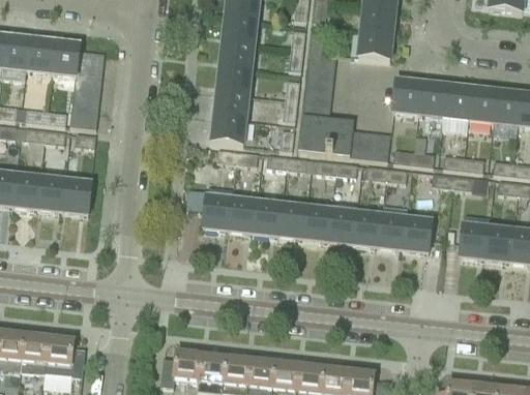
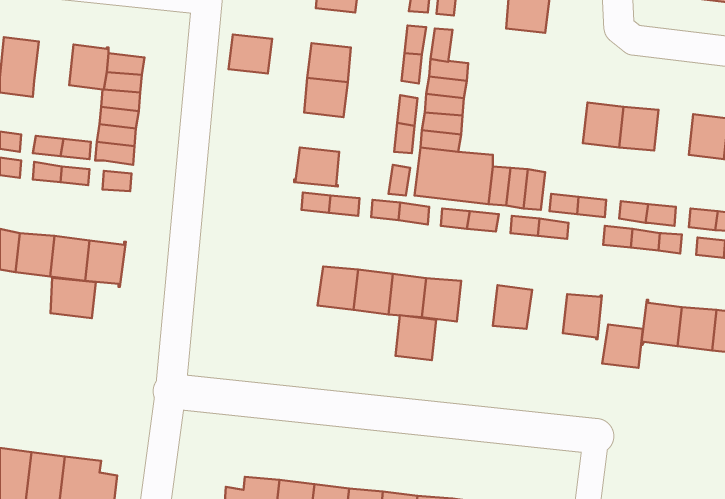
building: [224,17,255,44] -> [229,34,272,74]
building: [357,31,390,60] -> none
building: [26,40,54,71] -> none
building: [392,80,420,113] -> none
building: [468,89,496,121] -> none
building: [215,91,246,119] -> none
building: [203,195,232,229] -> none
building: none -> [50,278,96,318]
building: [327,211,356,243] -> [396,315,436,360]
building: [377,217,406,248] -> [602,324,643,368]

